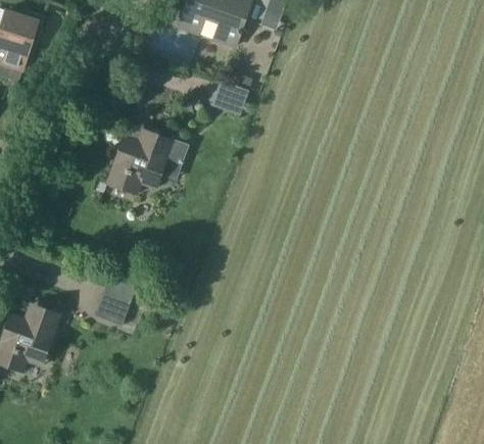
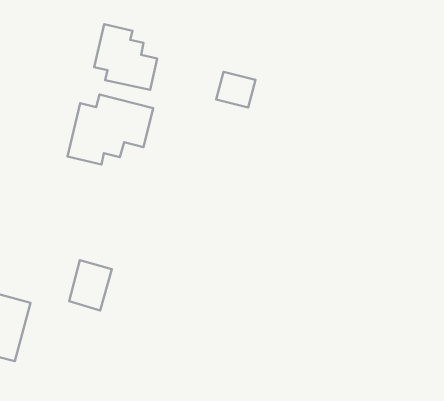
building: none -> [94,24,157,90]
building: [211,80,249,114] -> [216,72,255,107]

